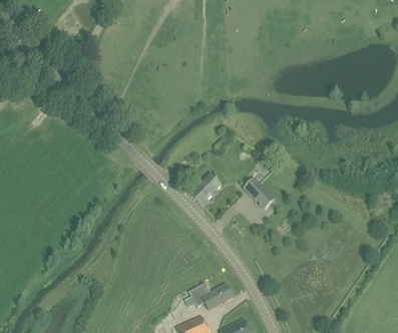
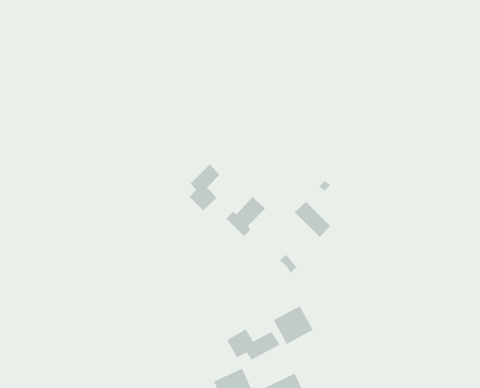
building: none -> [189,163,220,211]
building: none -> [273,305,313,345]

